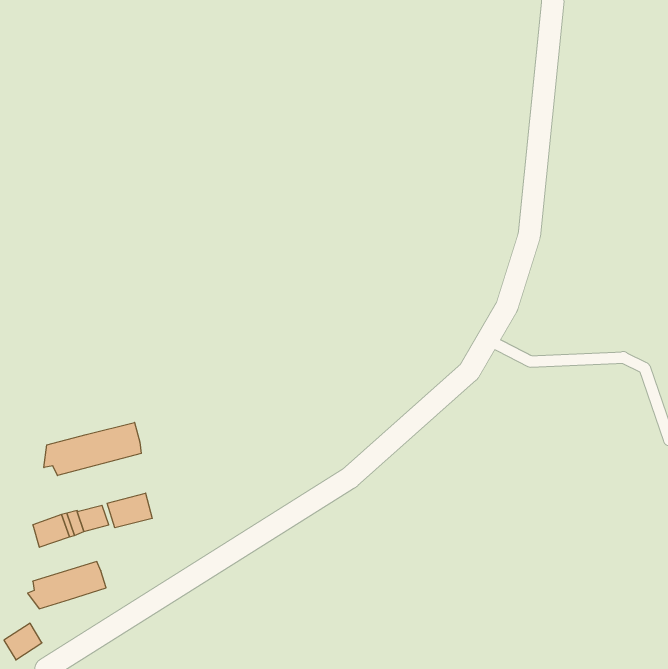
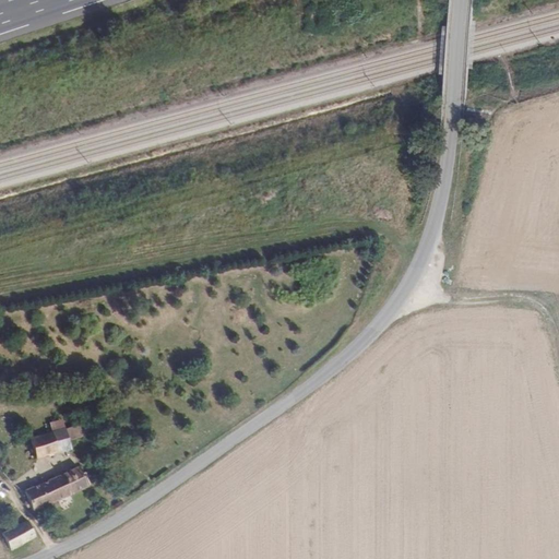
building: [44,422,141,476] -> none
building: [107,493,152,528] -> none

